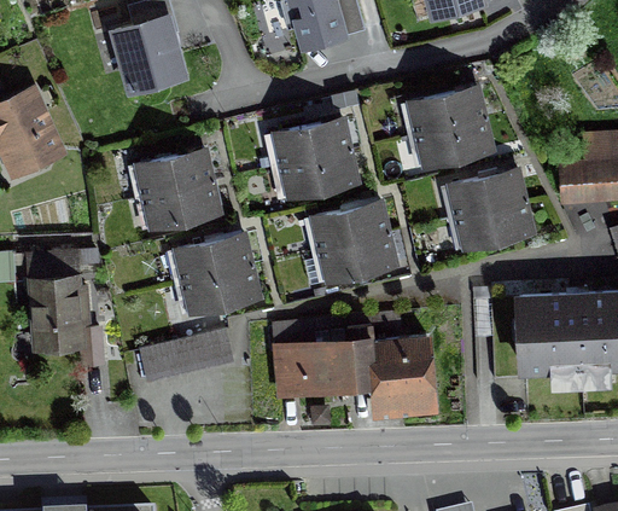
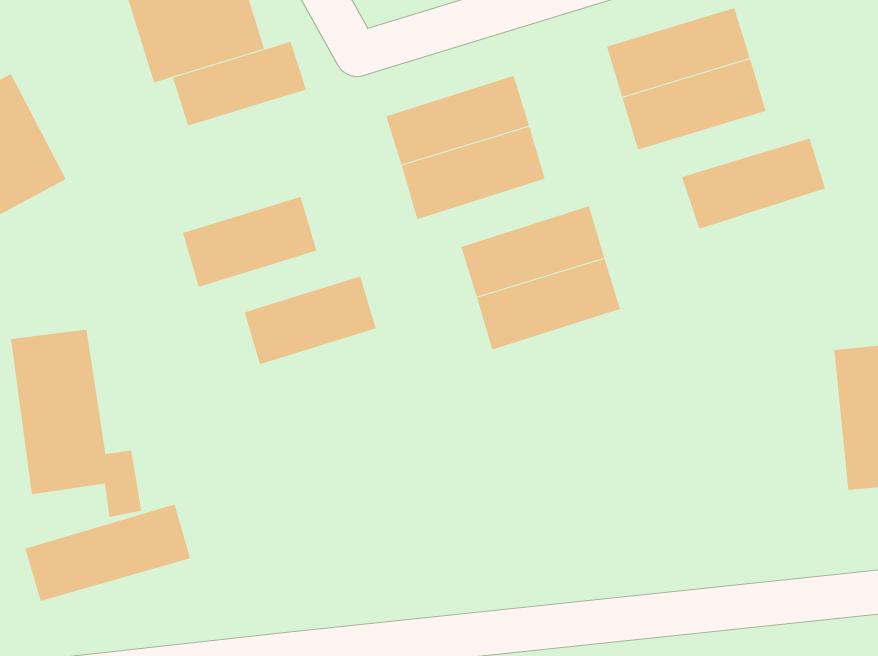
building: [129,147,210,194] -> [172,41,307,126]
building: [449,196,536,246] -> none
building: [177,261,257,309] -> none
building: [135,332,235,385] -> [24,504,191,601]
building: [268,333,363,401] -> none
building: [375,335,449,419] -> none

